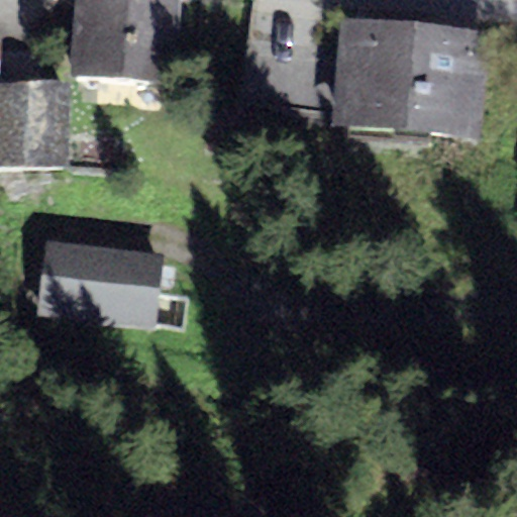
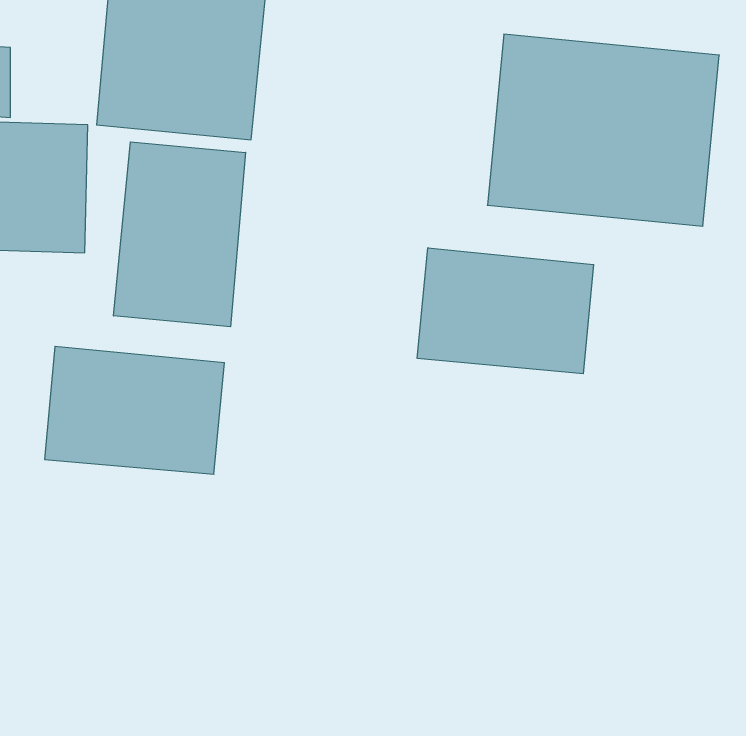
building: none -> [114,142,246,327]
building: none -> [417,248,594,374]

